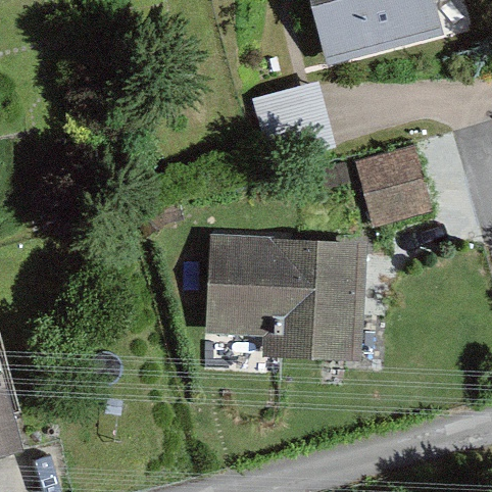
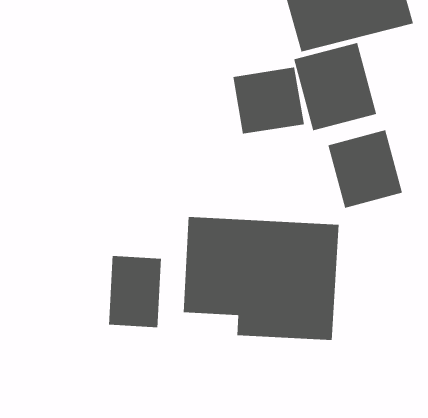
building: none -> [294,42,377,131]
building: none -> [109,255,162,328]

